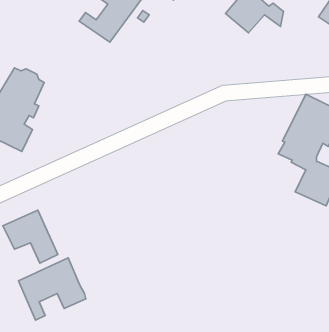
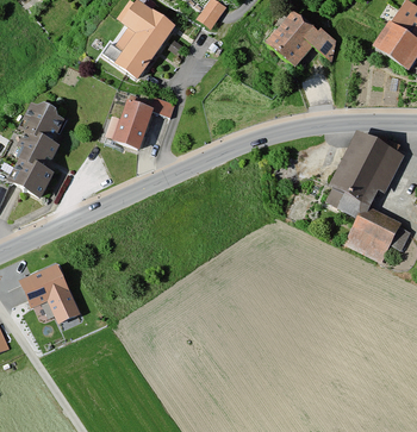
building: none -> [106,94,175,148]
building: [18,258,86,320] -> none

